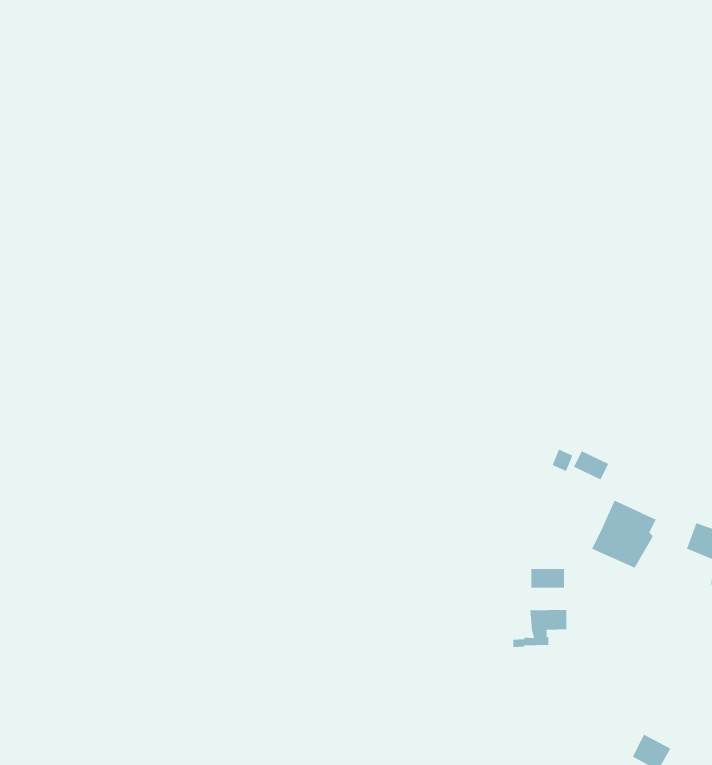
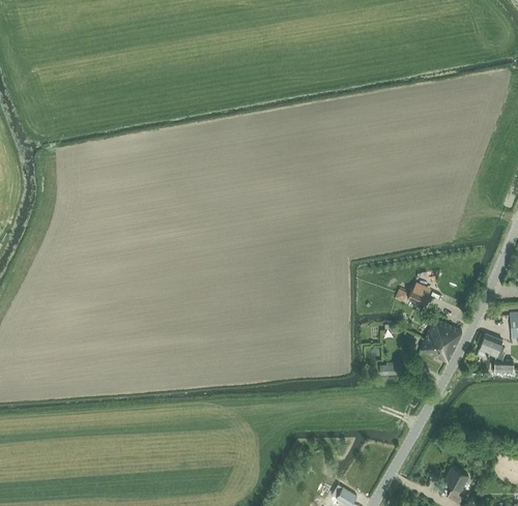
building: [513,609,567,648] -> none

